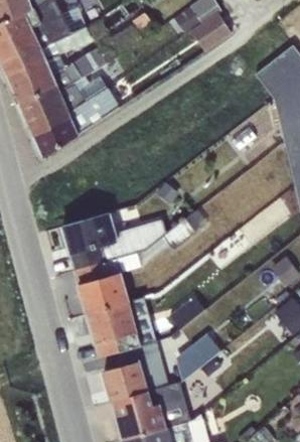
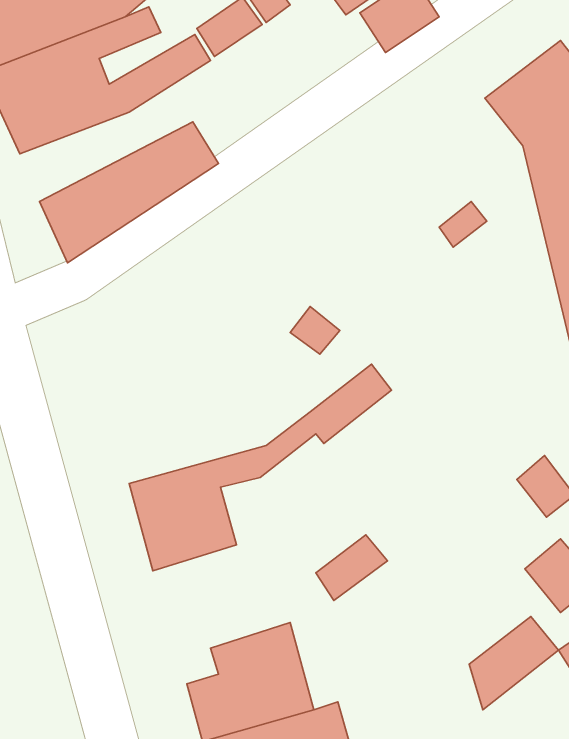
building: [19,77,107,127] -> none
building: [62,211,166,270] -> none
building: [87,296,156,357] -> none
building: [175,332,220,380] -> [469,616,559,710]

